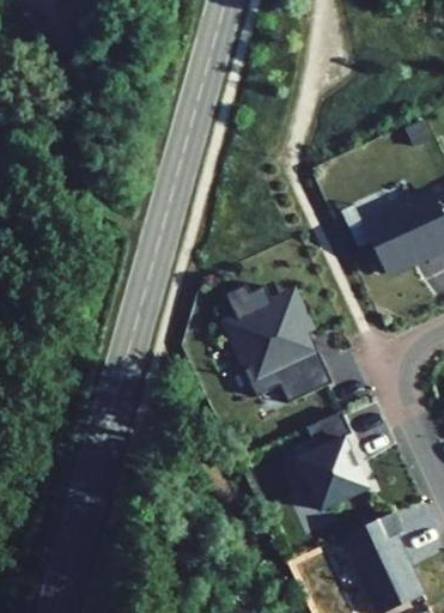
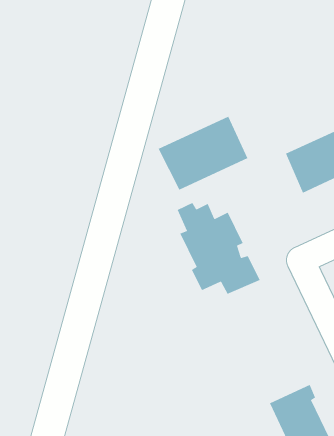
building: none -> [158,116,248,191]
building: [299,412,371,512] -> none

